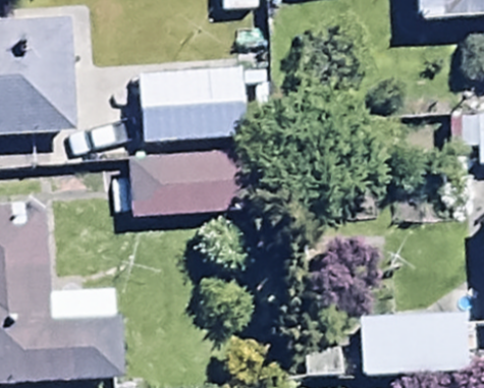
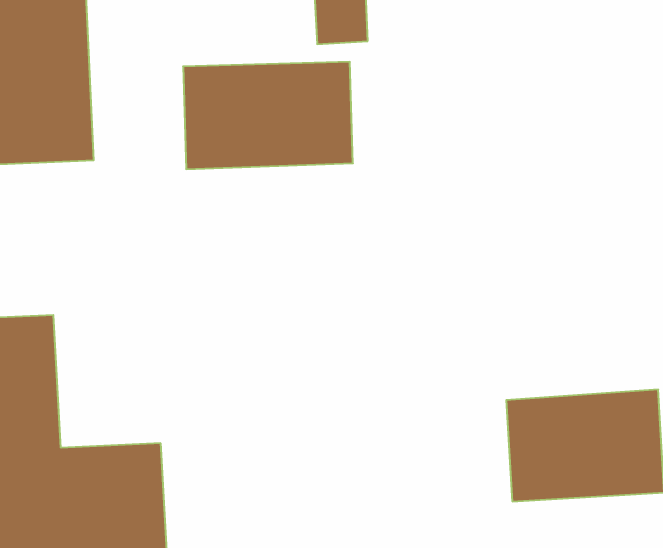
building: [119,132,246,192] -> none

